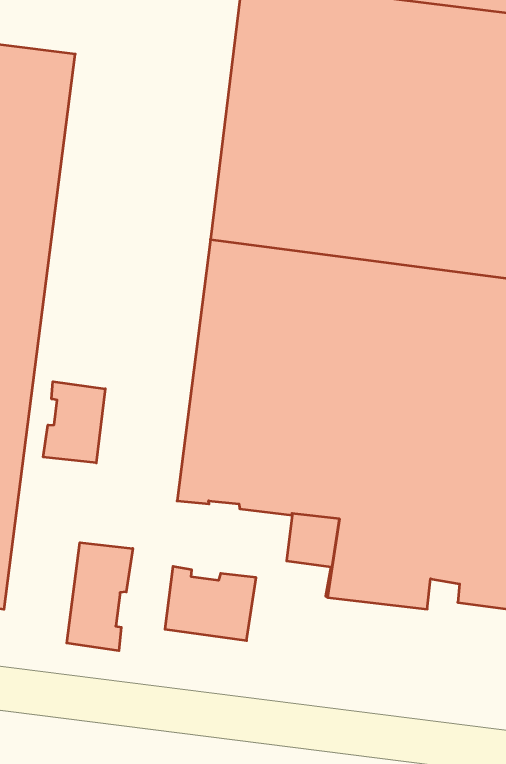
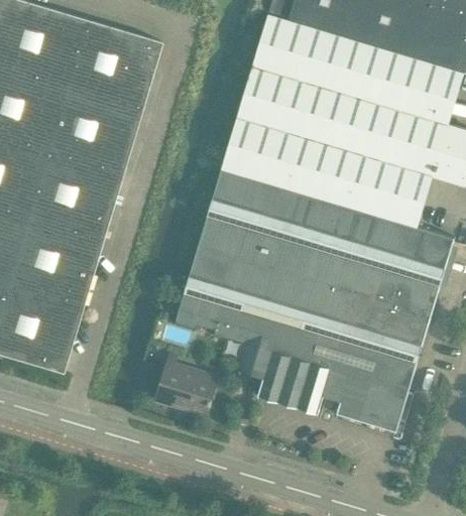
building: [43,382,105,463] -> none
building: [67,543,133,651] -> none

